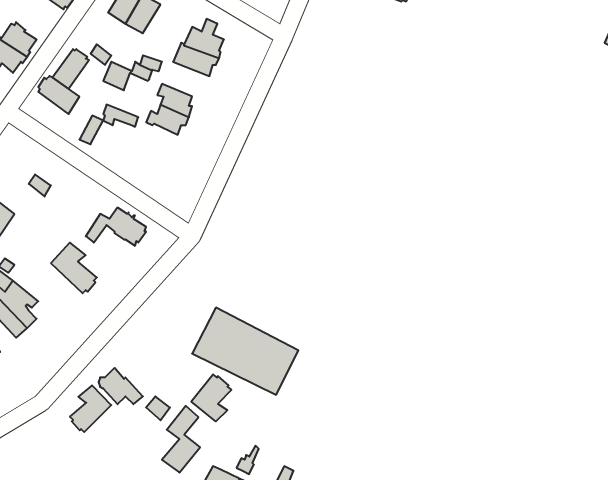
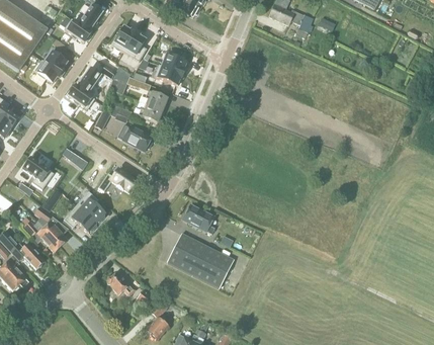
building: none -> [117,123,152,150]
building: none -> [183,203,214,233]
building: none -> [64,204,97,233]
building: [191,374,231,421] -> none
building: [70,385,111,432] -> none

